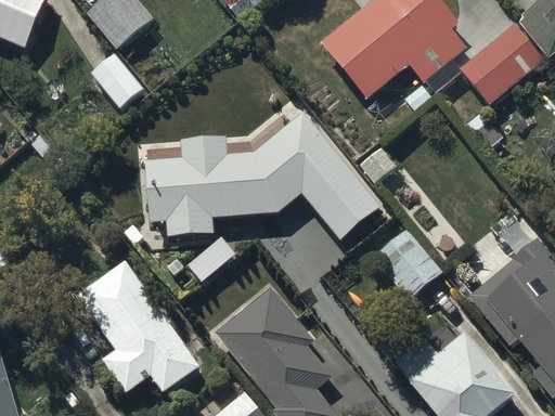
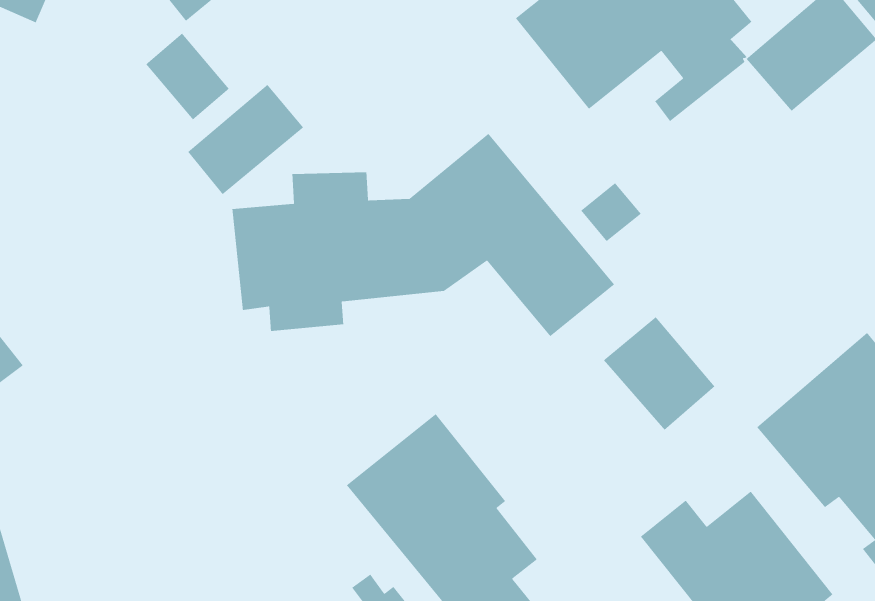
building: none -> [187,84,304,195]
building: [77,260,207,392] -> none

